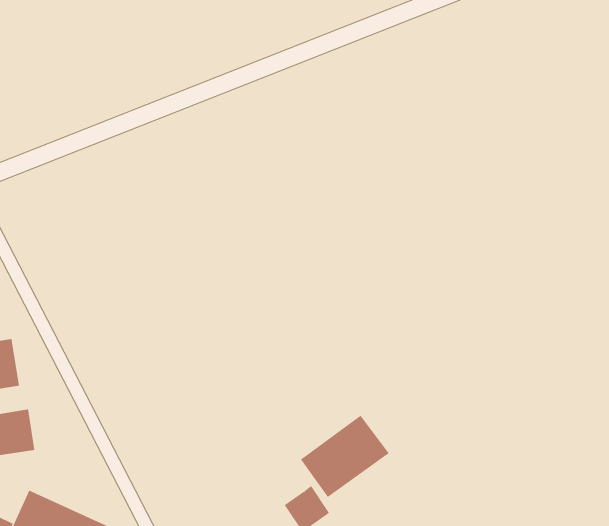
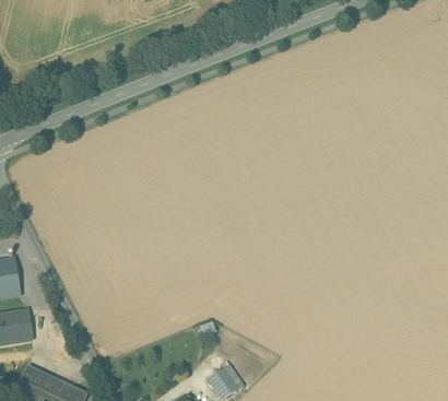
building: [300,415,390,498] -> none

